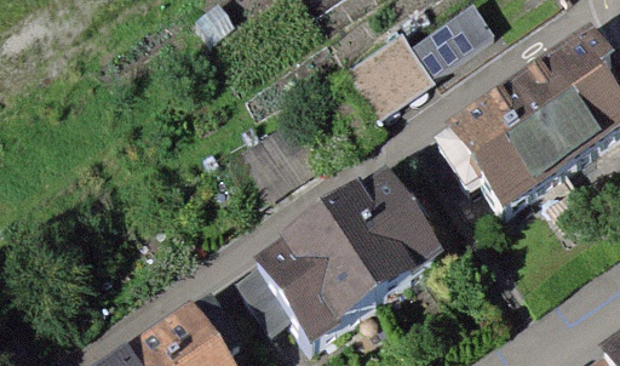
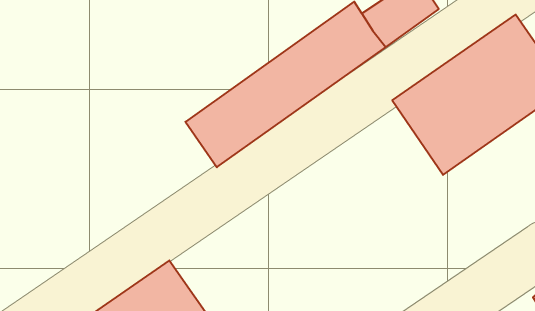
building: [259,166,446,339] -> none

